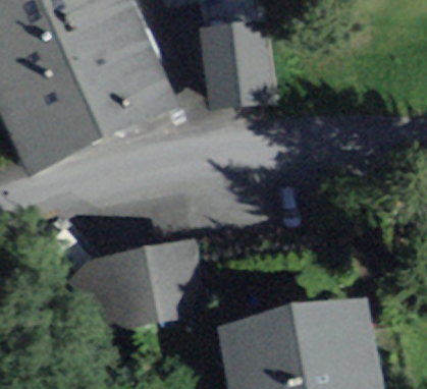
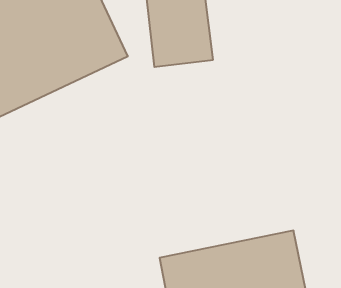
building: [78,244,198,329] -> none

